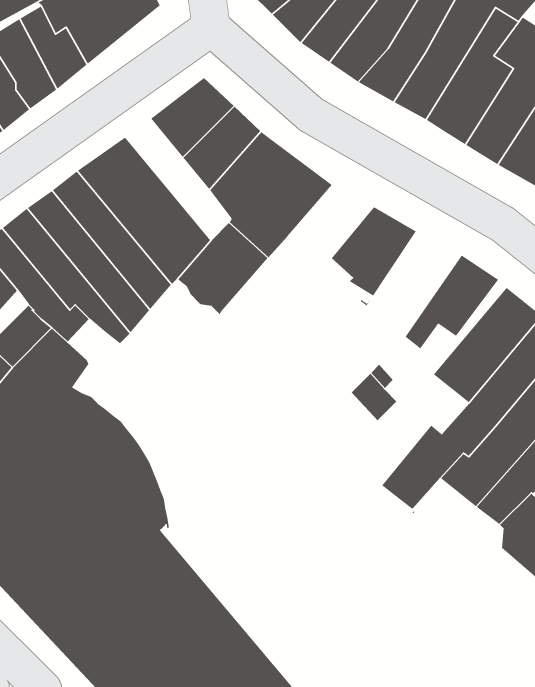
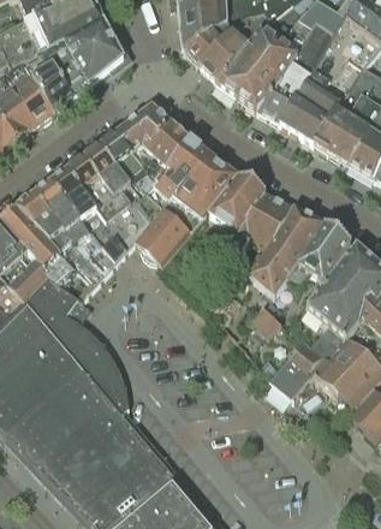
building: none -> [99,132,169,214]
building: none -> [208,177,266,258]
building: none -> [246,208,325,295]

